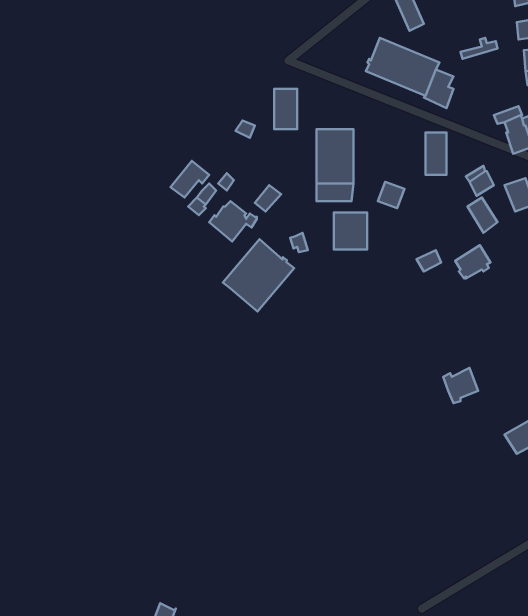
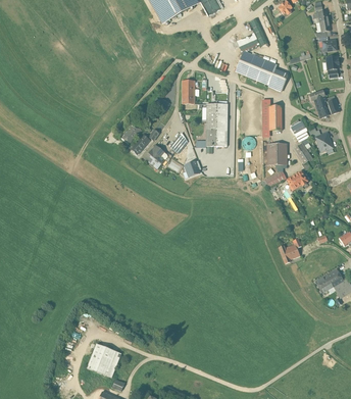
building: [334,213,367,249] -> [266,143,286,164]
building: [223,239,294,312] -> none
building: none -> [86,343,120,378]

